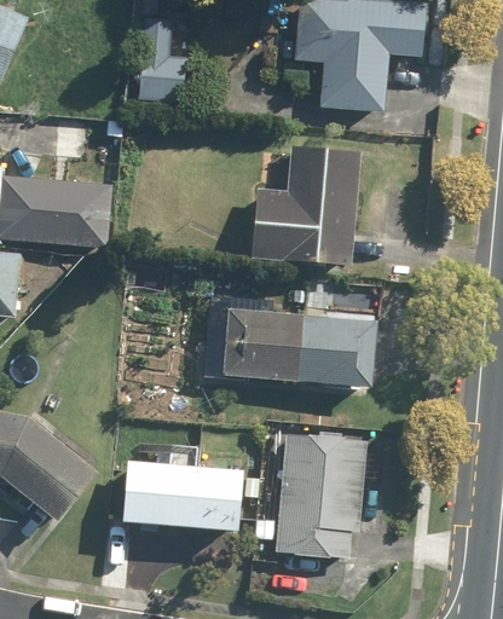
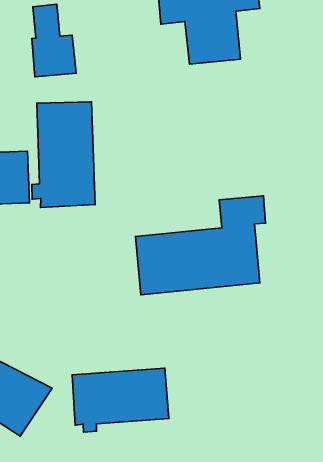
building: none -> [32,102,95,207]
building: [252,151,357,268] -> none
building: [277,430,368,553] -> none

